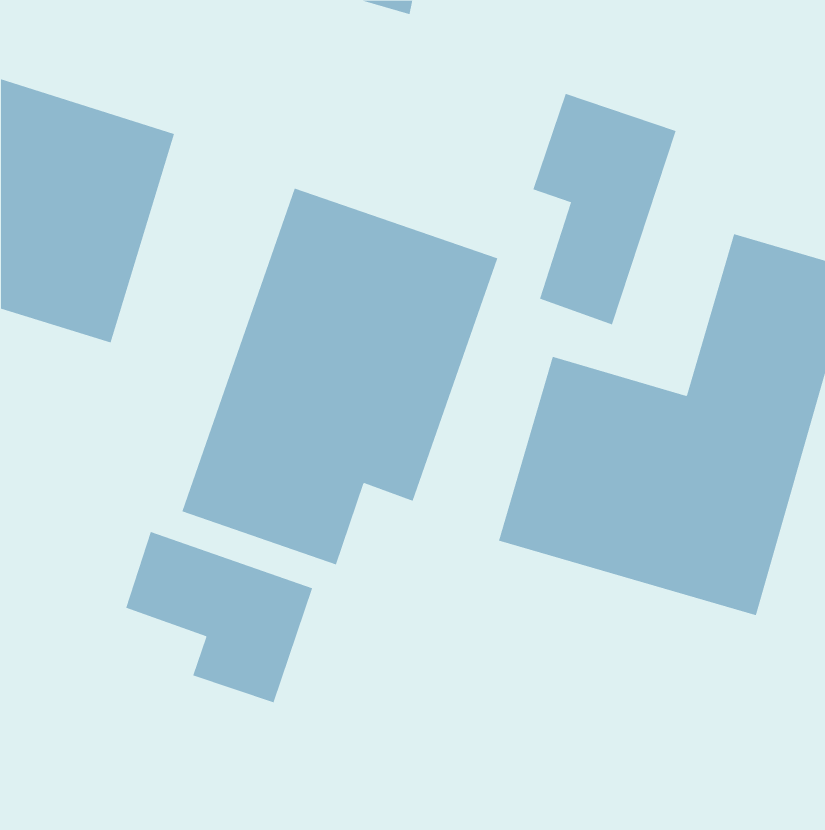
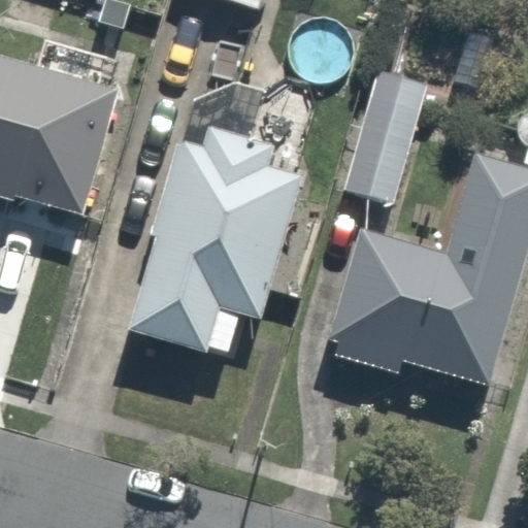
building: [126,531,313,703] -> none

